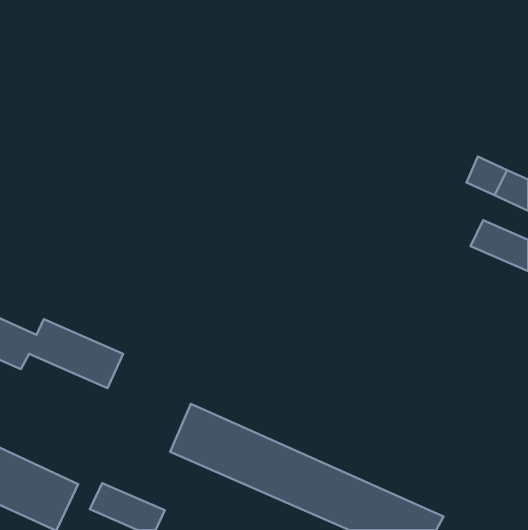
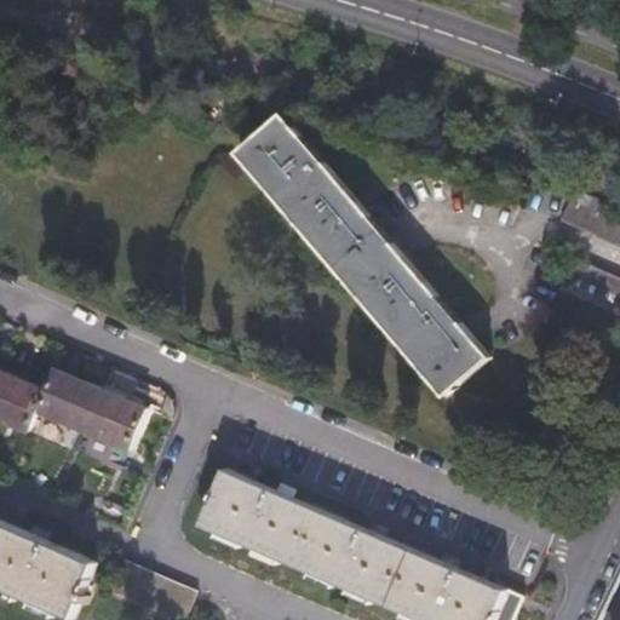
building: none -> [234,114,487,401]

